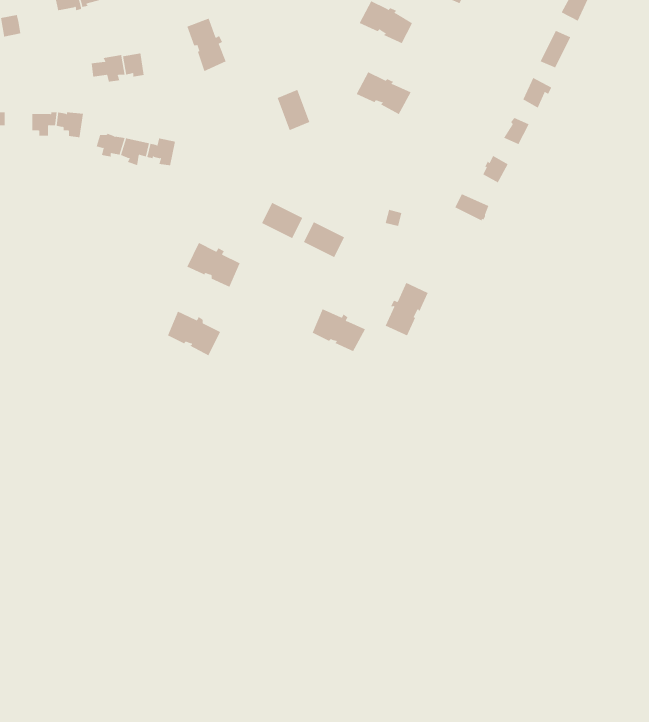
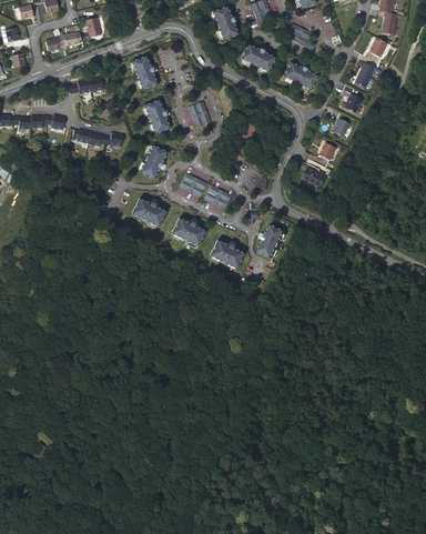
building: [356,71,411,115] -> [283,62,318,90]
building: none -> [142,98,169,132]
building: none -> [139,144,166,179]
building: [167,311,221,356] -> [171,218,205,246]

